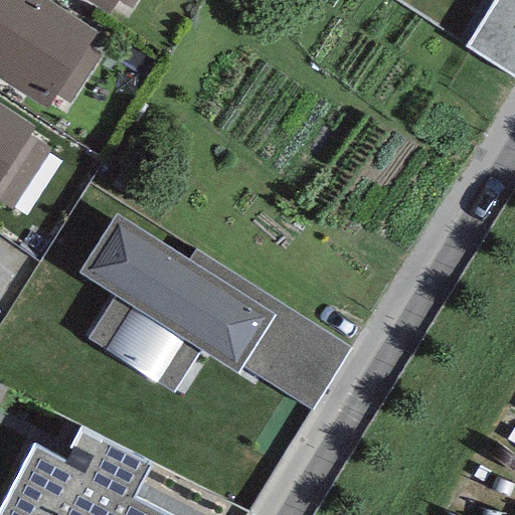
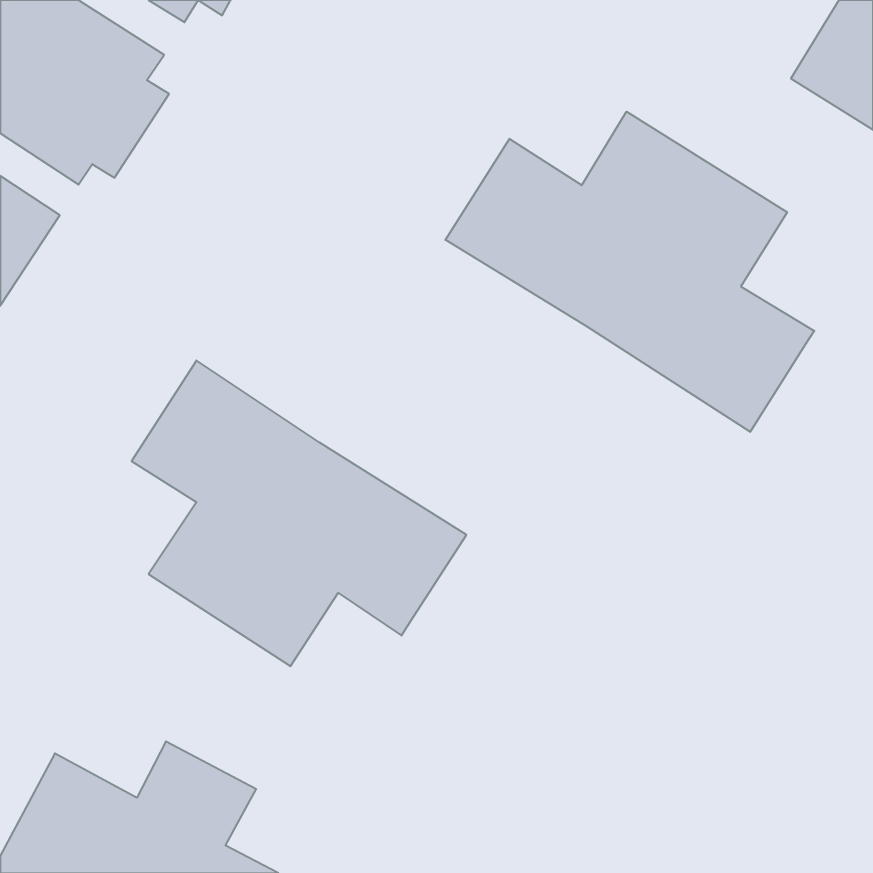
building: none -> [445,112,814,432]
building: [188,249,350,409] -> none

